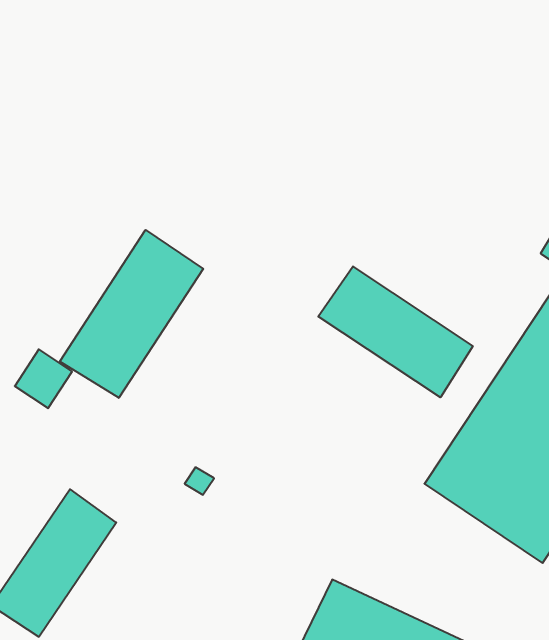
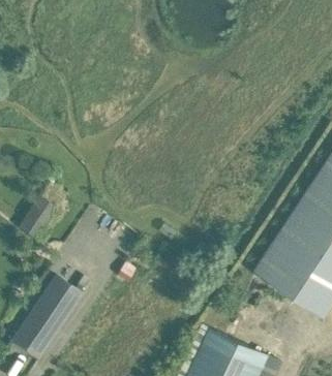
building: [60,230,203,398] -> none
building: [318,266,473,397] -> none

